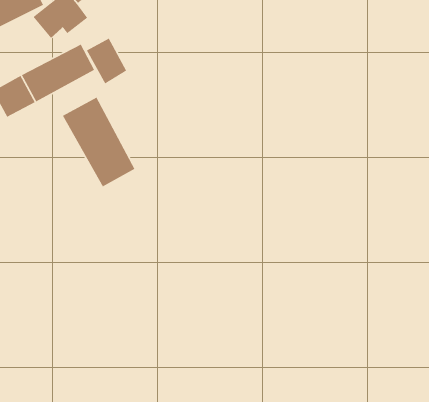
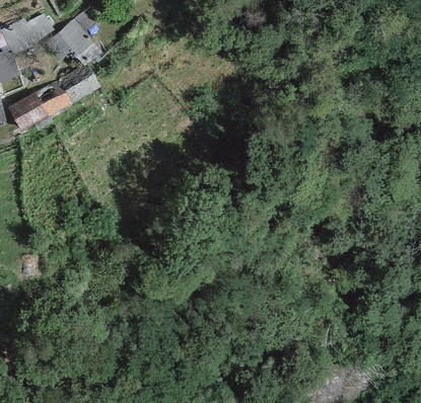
building: [86,37,127,84] -> none
building: [62,97,136,188] -> none

